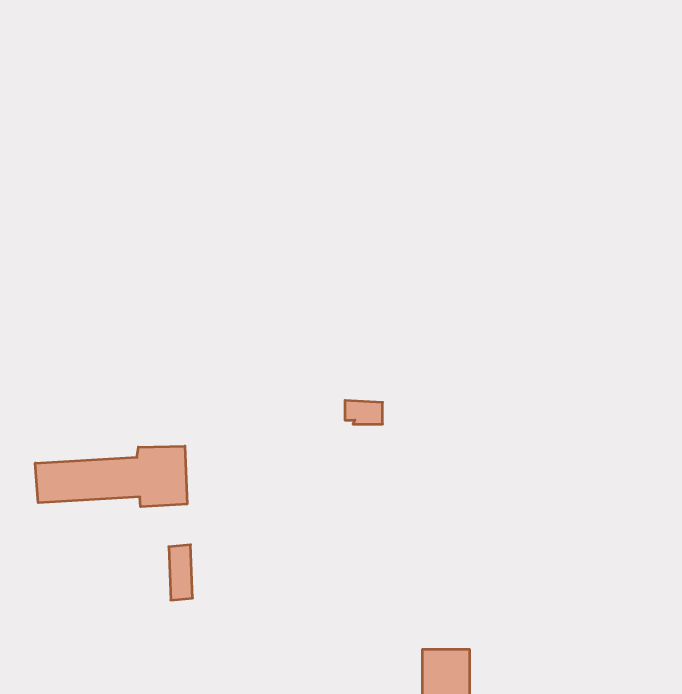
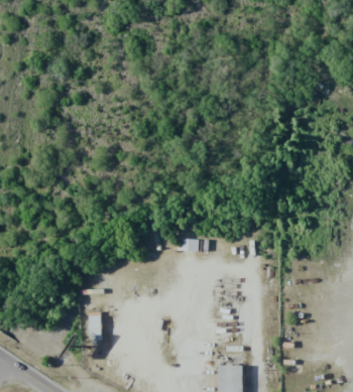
building: [35,446,187,507] -> none

